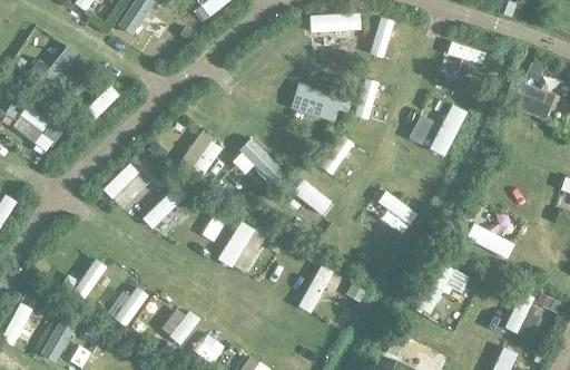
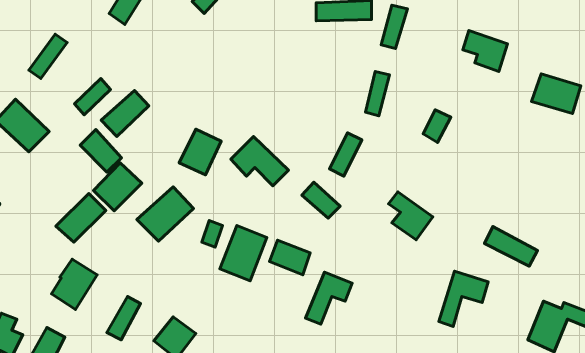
building: [287,80,350,124] -> none
building: none -> [101,91,149,136]
building: [428,104,465,156] -> none
building: none -> [80,130,122,172]
building: none -> [56,194,106,242]
building: none -> [269,240,310,275]

